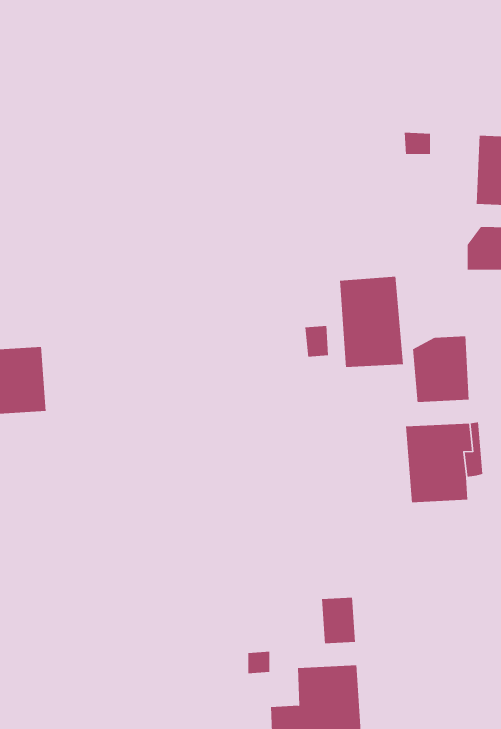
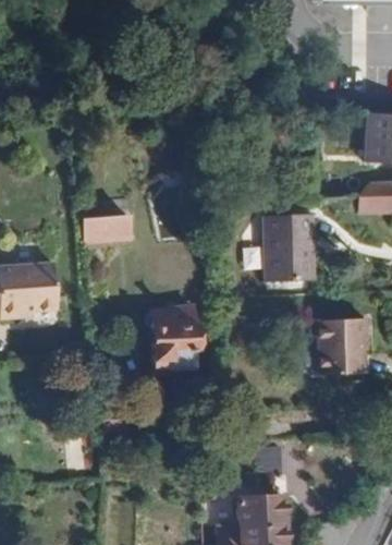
building: none -> [84,216,132,244]
building: [412,336,469,403] -> none
building: none -> [151,314,195,380]

